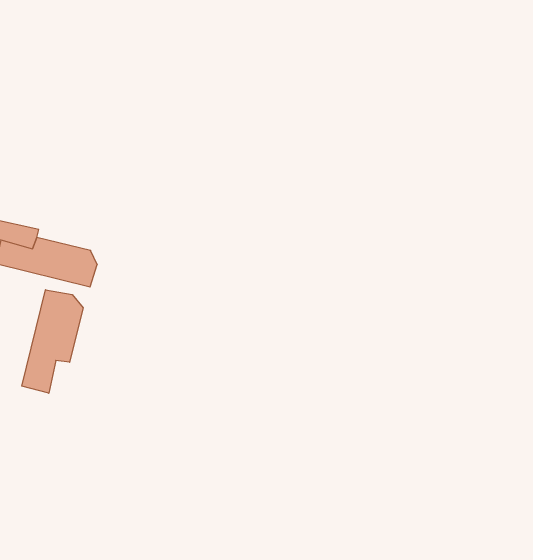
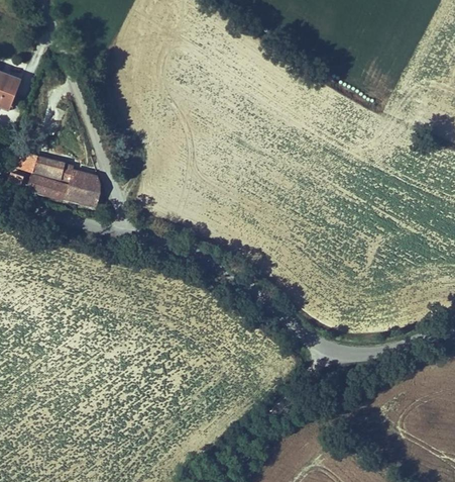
building: [22,290,83,393] -> none

